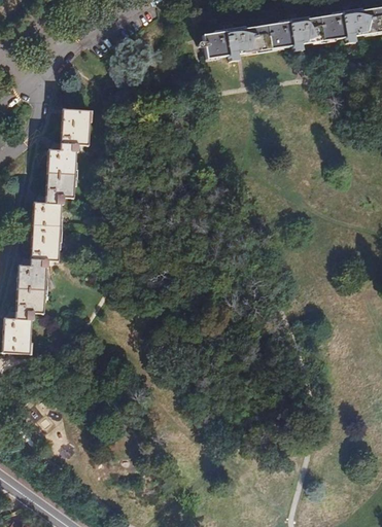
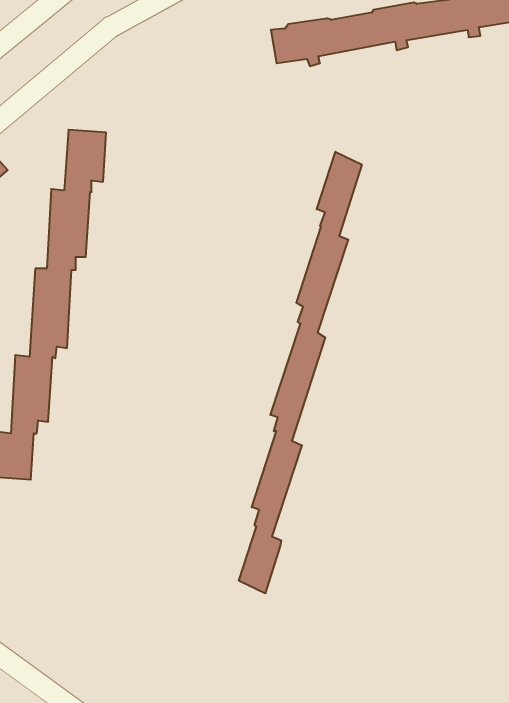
building: none -> [239,152,362,593]

